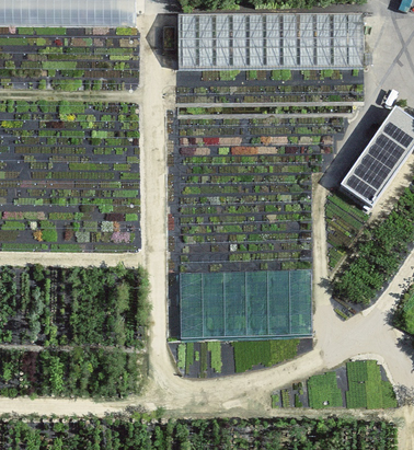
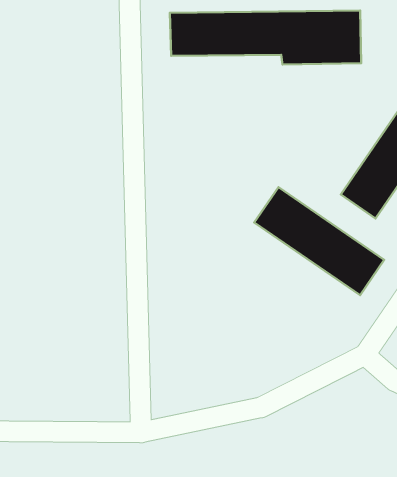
building: none -> [254,187,384,295]

